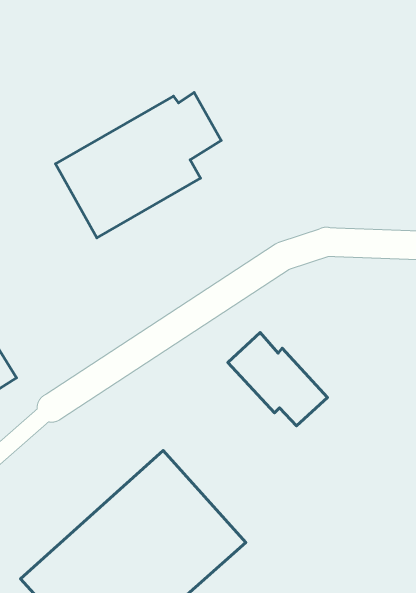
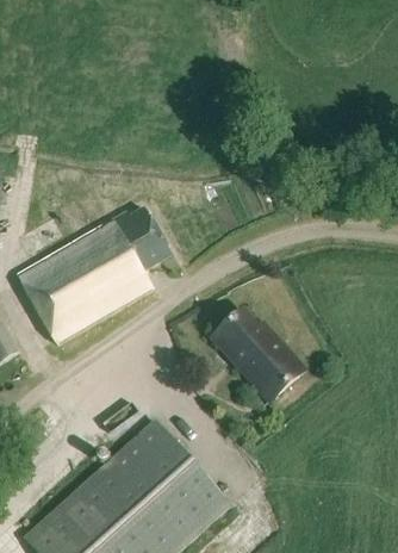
building: [55,92,221,238] -> [19,209,172,342]

